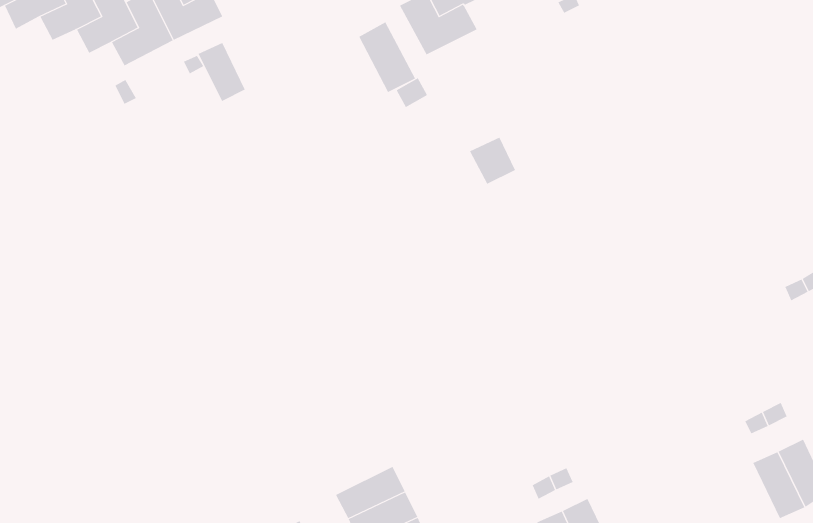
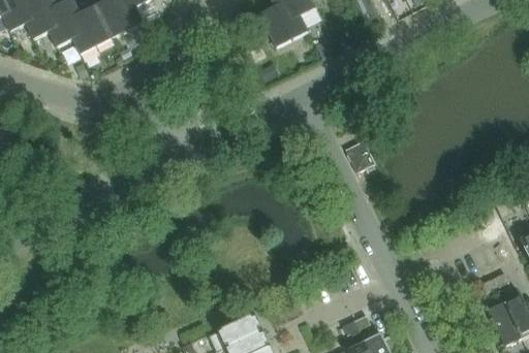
building: [359,22,416,93] -> none
building: [198,42,245,102] -> none
building: [469,137,516,185] -> [344,141,374,172]

